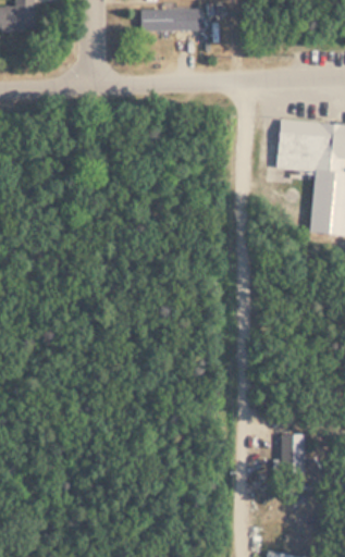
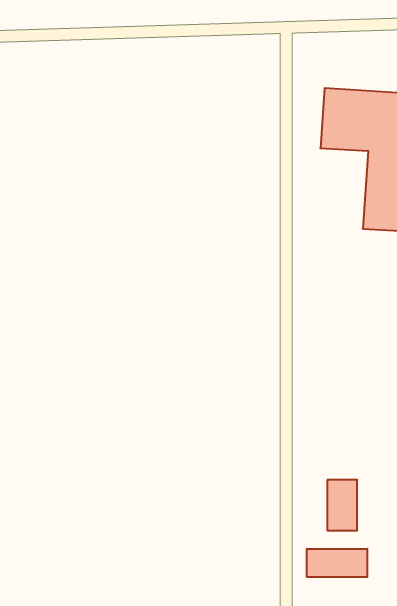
building: none -> [307,549,367,577]

